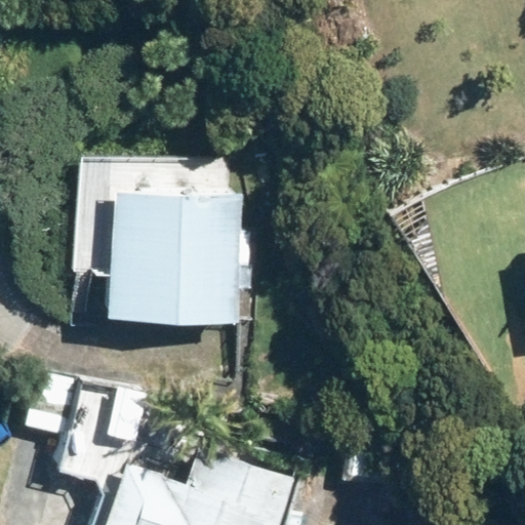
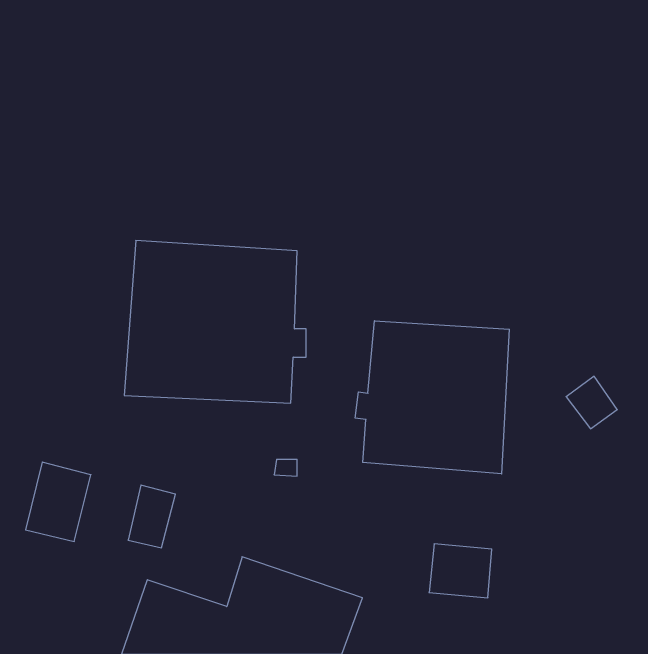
building: none -> [355,321,509,474]

